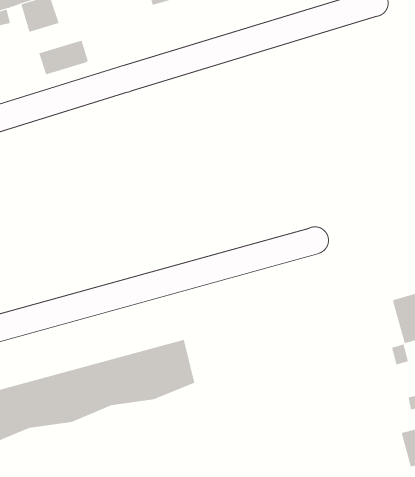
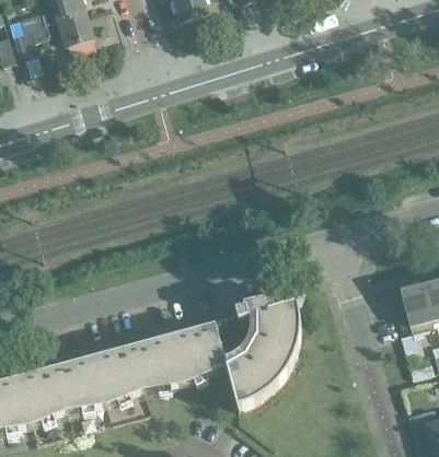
building: [39,40,88,75] -> none
building: none -> [227,294,300,405]

